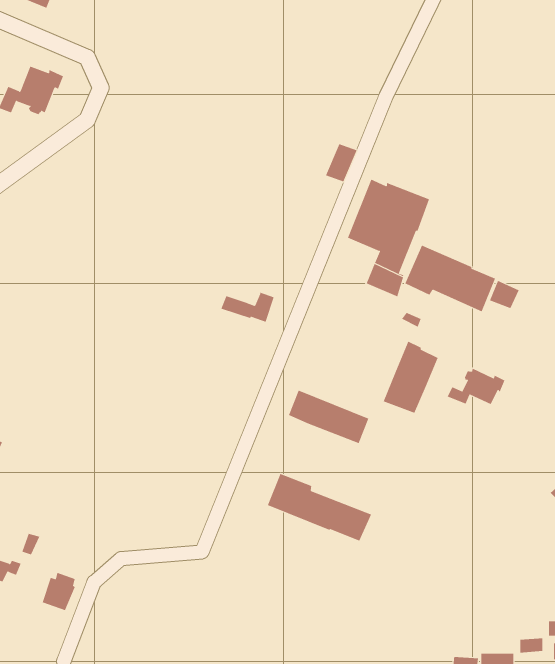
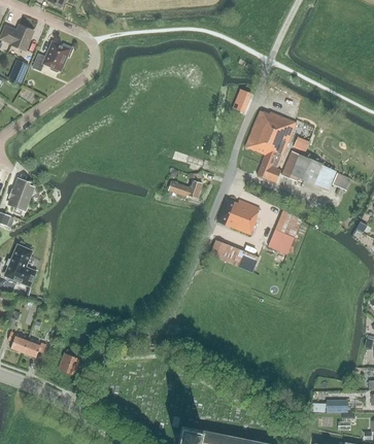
building: none -> [216,198,260,234]
building: [447,368,505,405] -> none
building: [267,473,372,541] -> none

